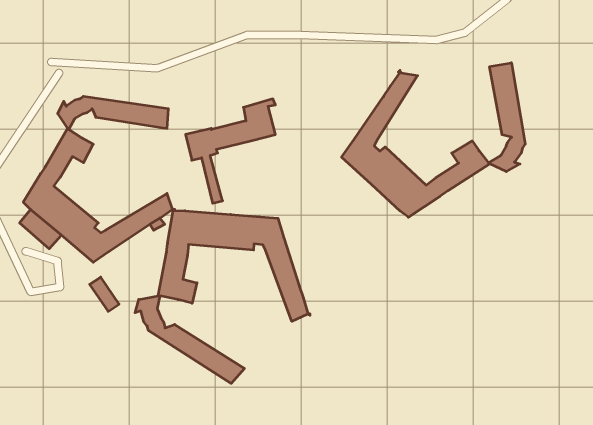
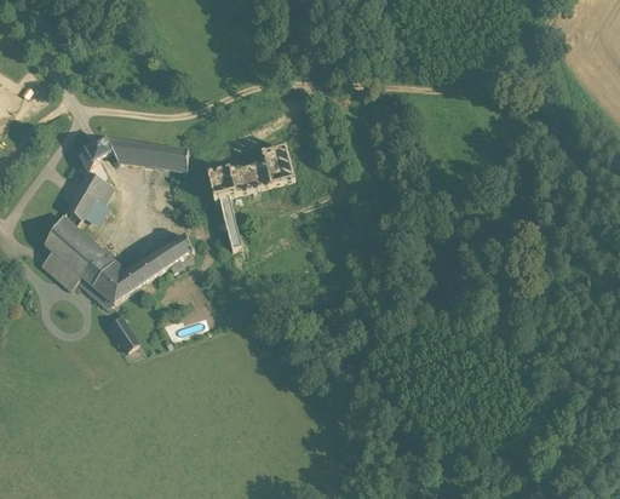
building: [342,63,525,217] -> none
building: [135,211,310,383] -> none

